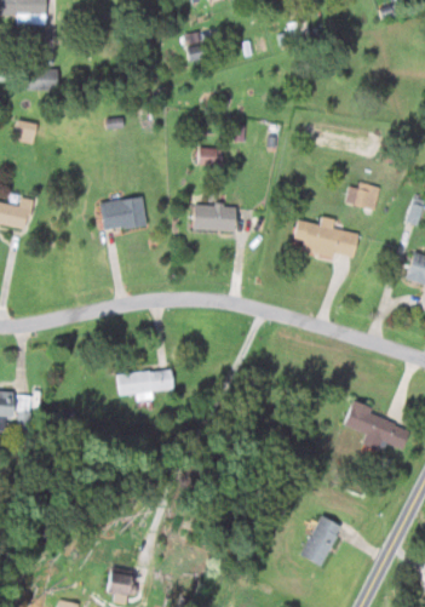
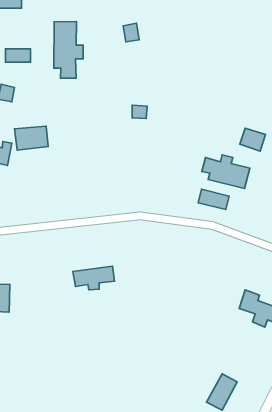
building: none -> [54,22,83,78]
building: [99,196,145,229] -> [14,126,48,150]
building: [193,206,235,229] -> none
building: none -> [198,189,229,210]

